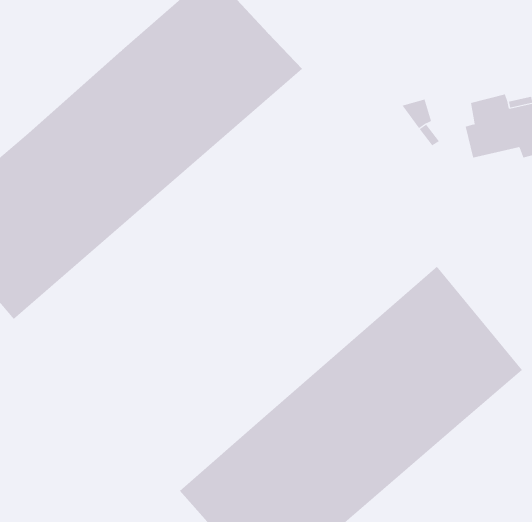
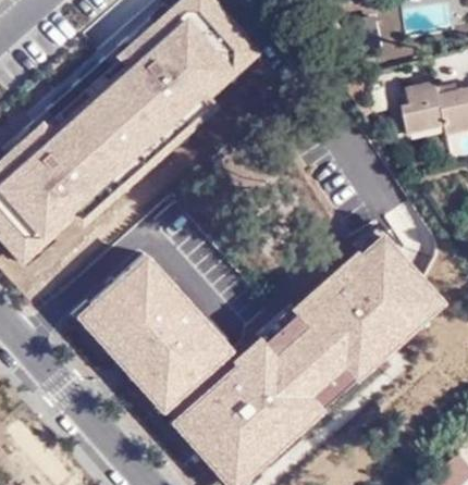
building: none -> [70,246,233,410]

